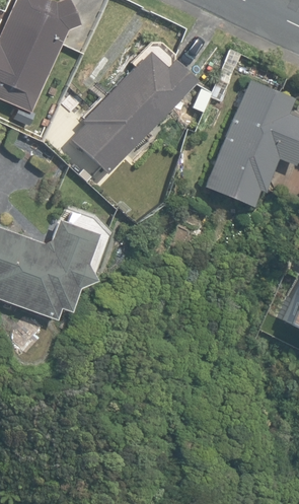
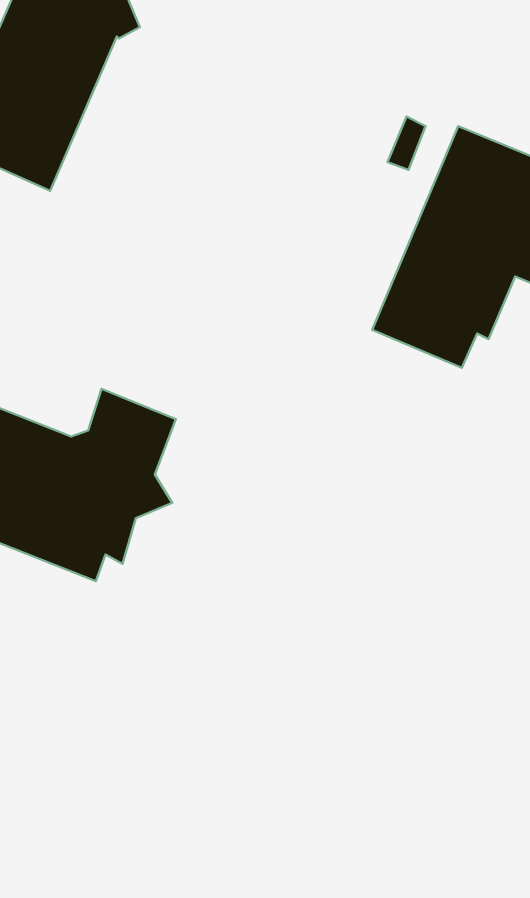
building: [71,50,197,173] -> none

